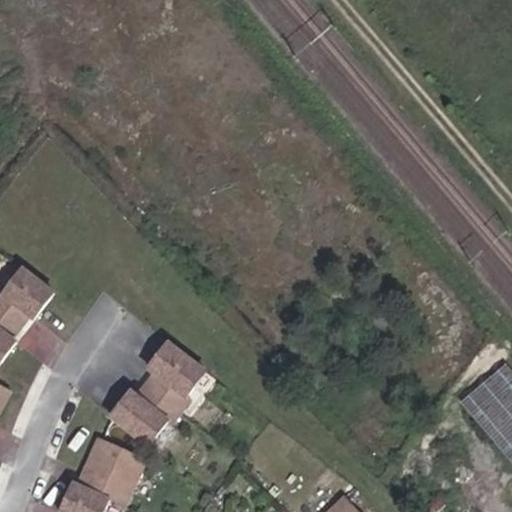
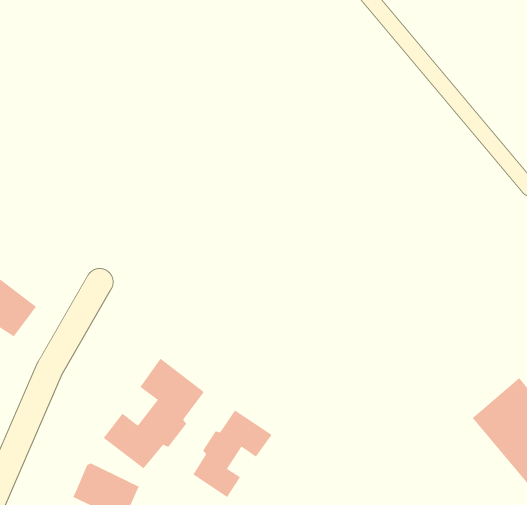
building: none -> [193,410,273,498]

